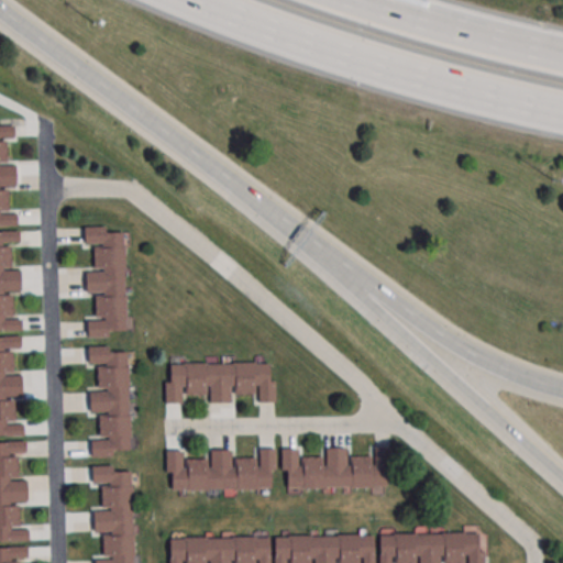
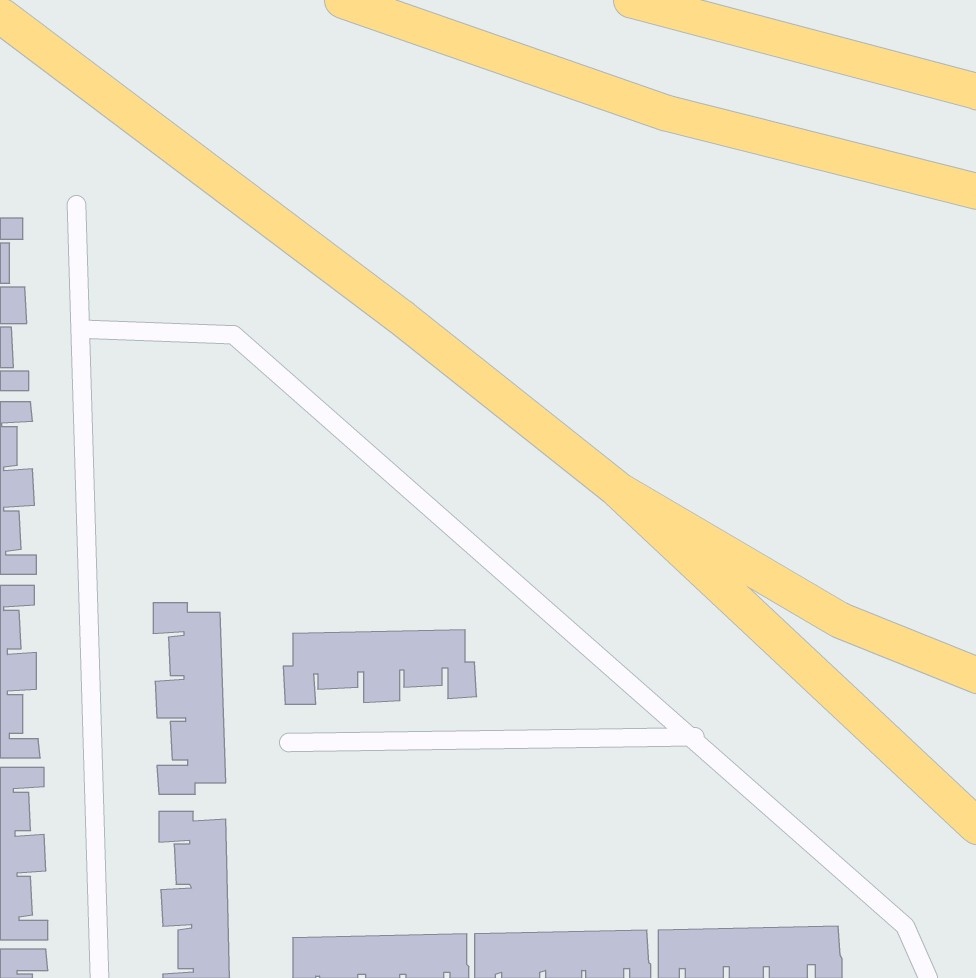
building: [85,227,126,338] -> none
building: [280,448,390,489] -> none
building: [165,450,276,490] -> none

